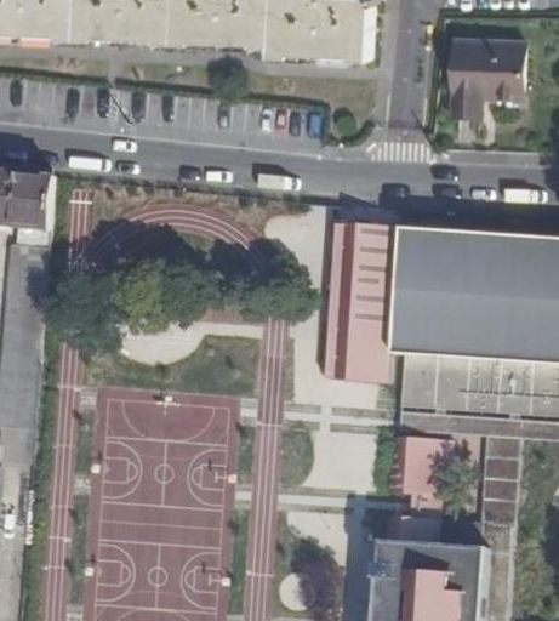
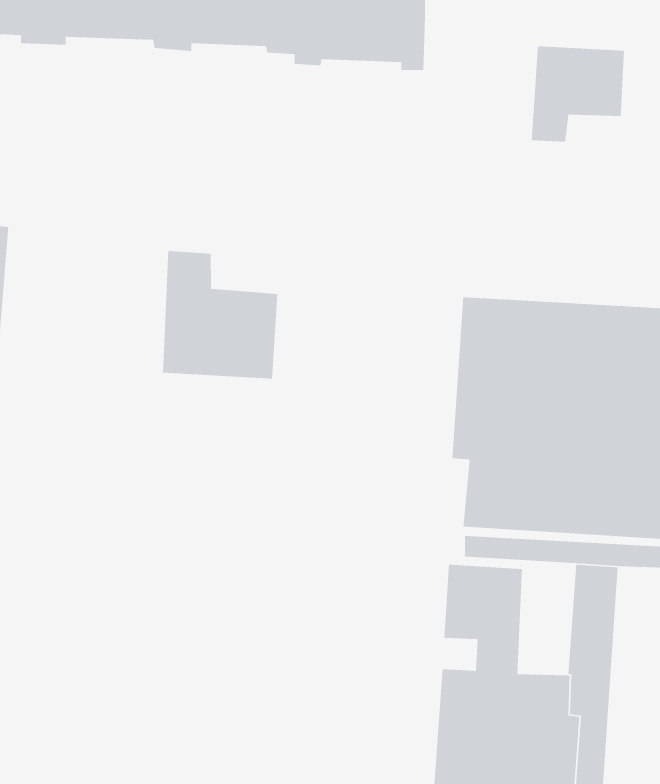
building: none -> [162,250,278,379]
building: [325,228,401,384] -> none

